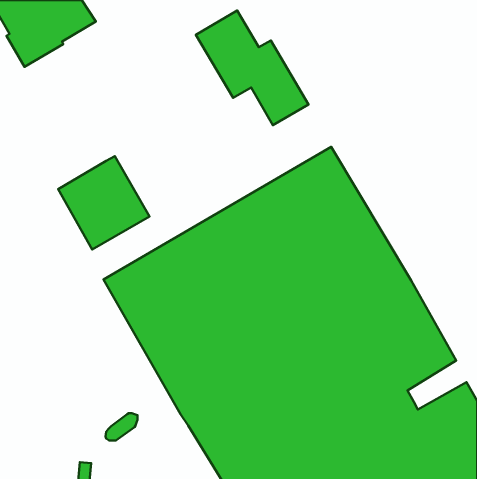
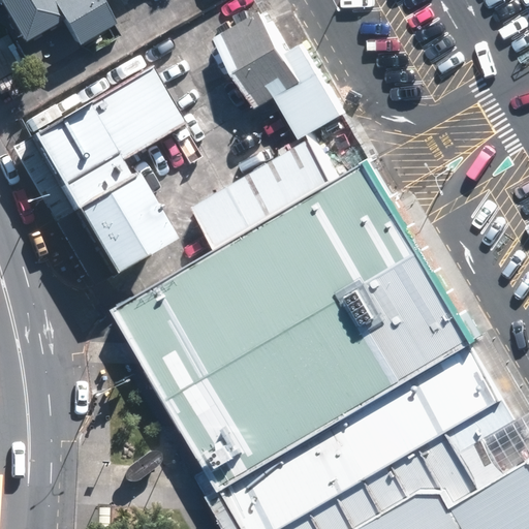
building: none -> [22,74,165,210]
building: none -> [196,134,339,245]

